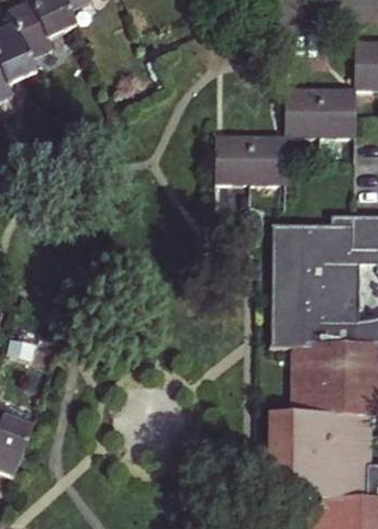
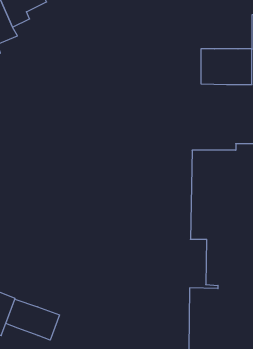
building: [215,136,286,183] -> none
building: none -> [6,299,59,340]

